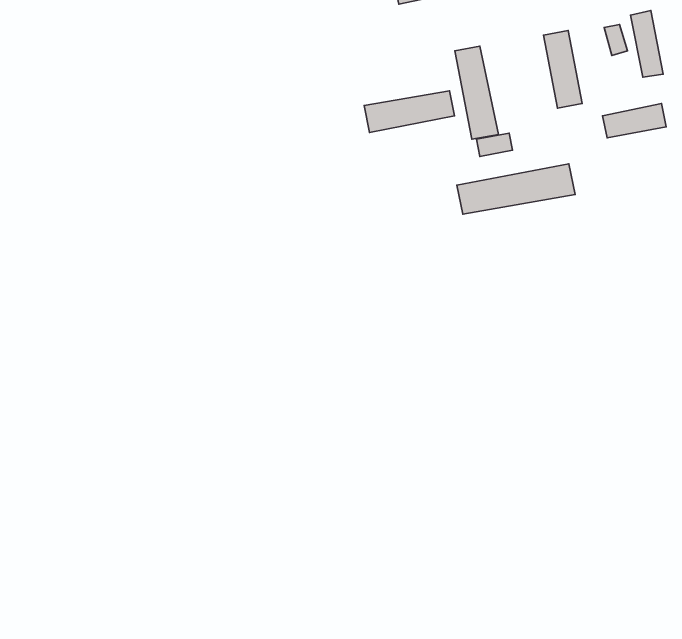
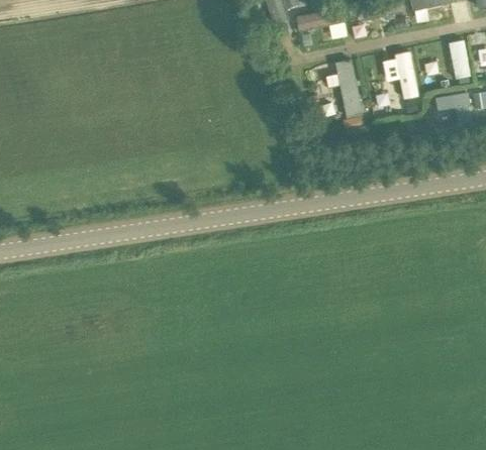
building: [364,91,455,132] -> none
building: [457,164,575,214] -> none

